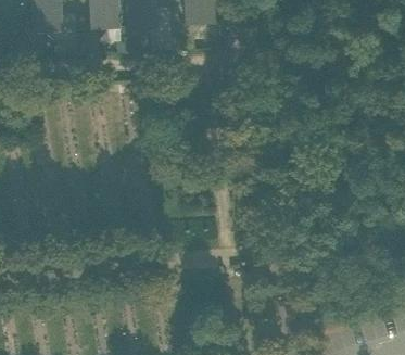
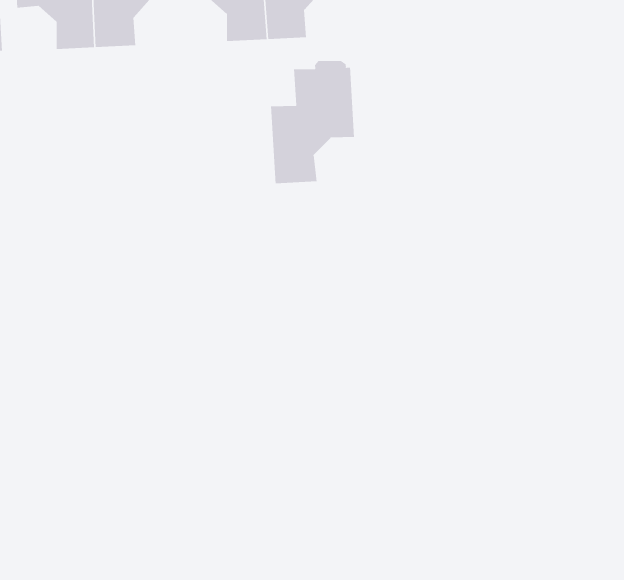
building: none -> [270,60,354,184]

